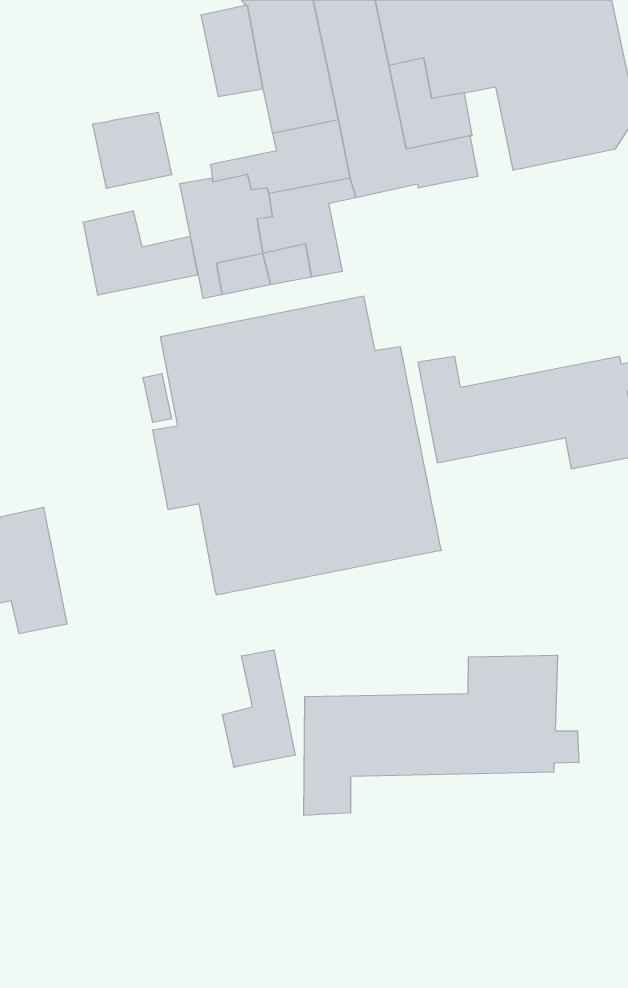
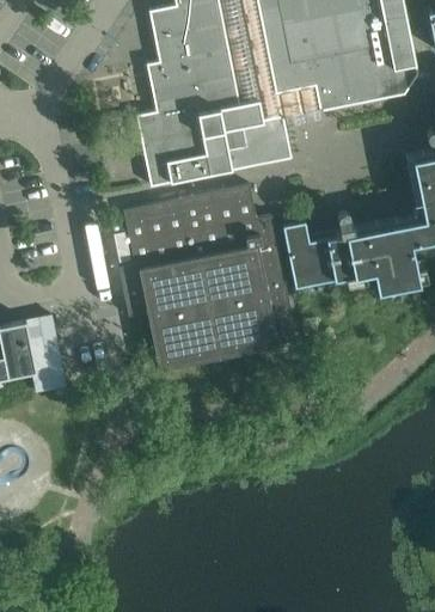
building: none -> [312,55,342,110]
building: [93,112,172,188] -> [147,56,196,103]
building: none -> [228,115,292,169]
building: [83,211,198,295] -> none
building: [222,650,295,768] -> none
building: [304,655,579,815] -> none

